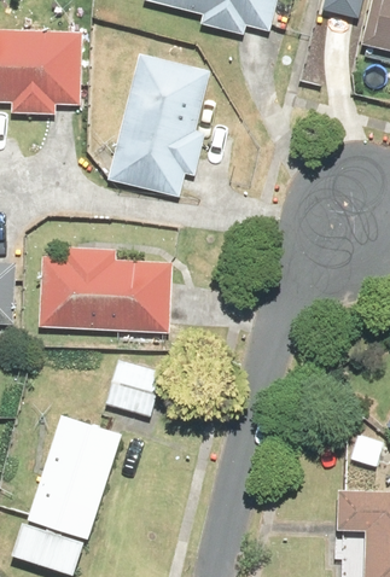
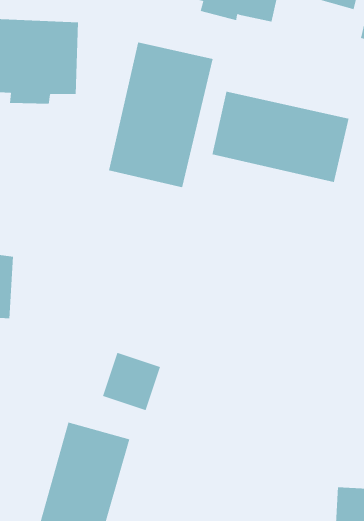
building: none -> [212,91,349,183]
building: [36,244,168,332] -> none

